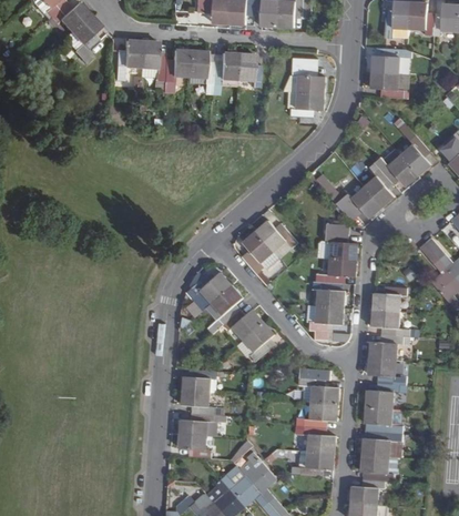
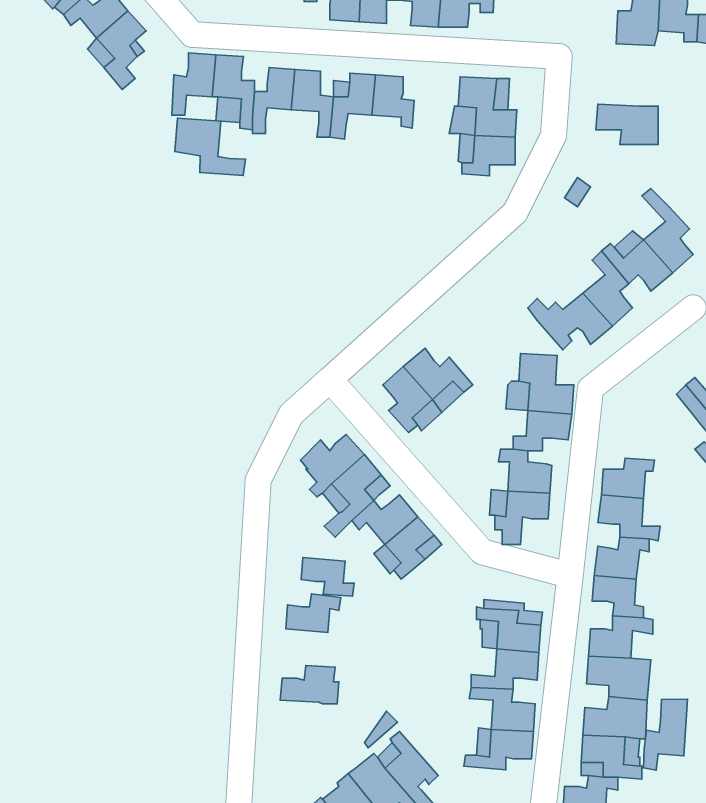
building: [371,48,405,73] -> none
building: none -> [175,118,245,175]
building: [182,389,214,413] -> [301,558,354,596]
building: none -> [643,699,687,770]
building: [178,433,210,457] -> none

